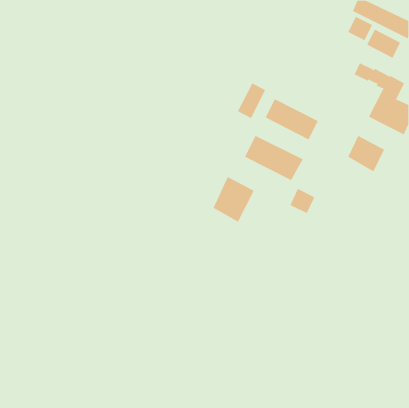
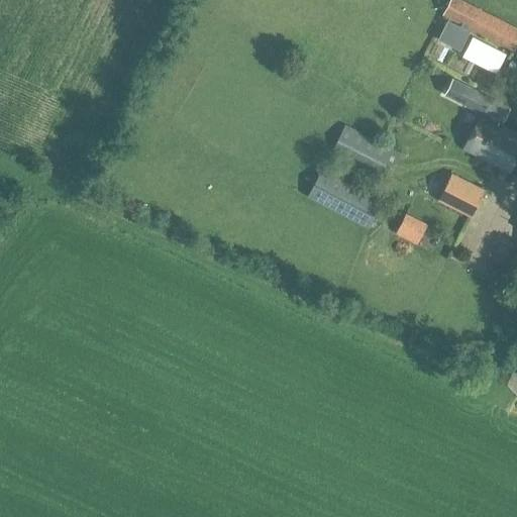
building: [237,83,266,119] -> none
building: [213,176,254,222] -> none
building: [290,188,315,214] -> [396,214,428,246]

